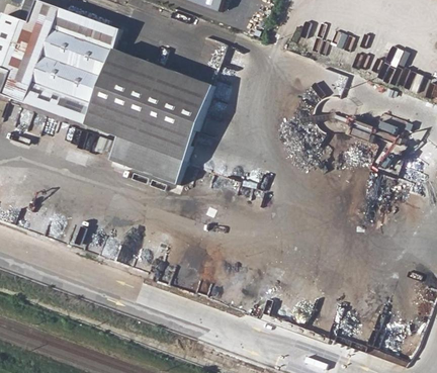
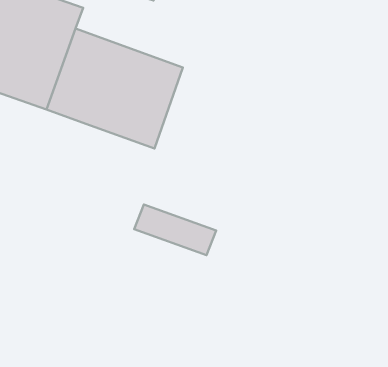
building: [109,135,186,183] -> [134,204,216,255]

